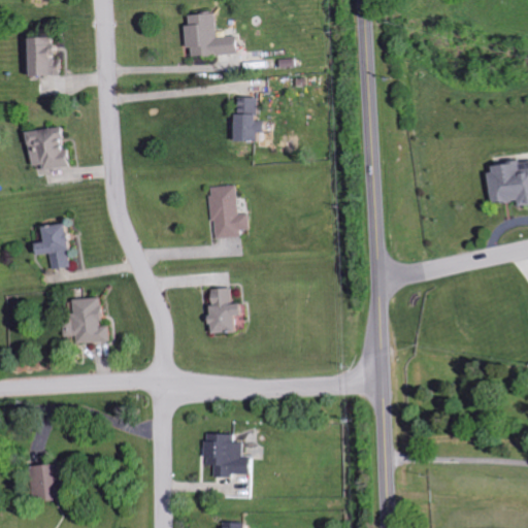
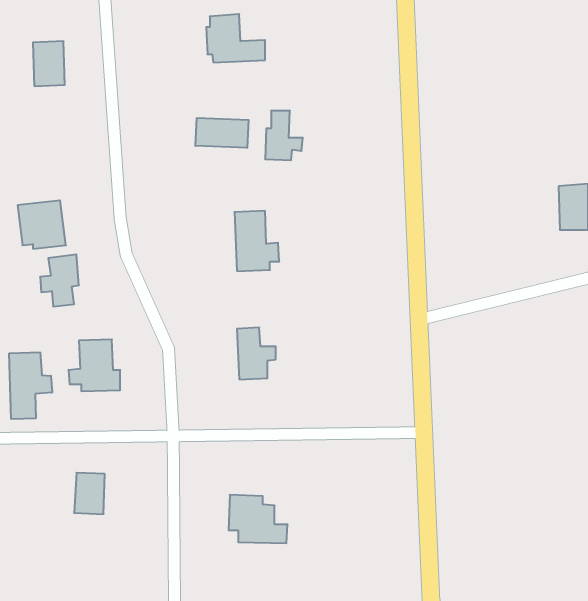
building: none -> [195,118,249,148]
building: [25,126,67,168] -> [18,200,66,249]
building: none -> [9,352,52,419]
building: [29,464,56,500] -> [74,473,105,514]

